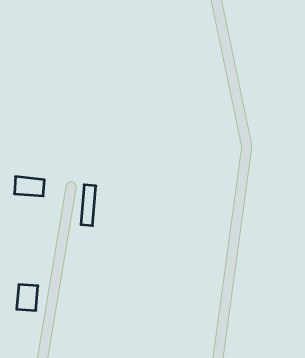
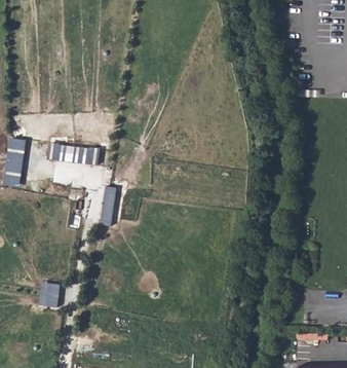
building: [14,177,44,196] -> [62,143,90,161]

